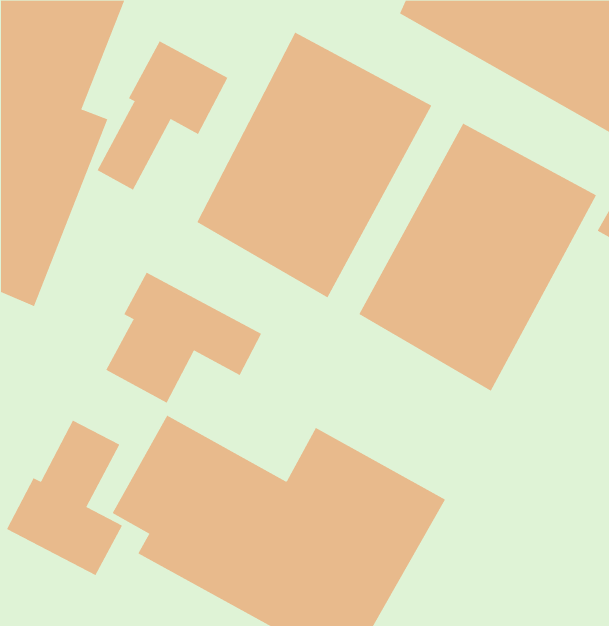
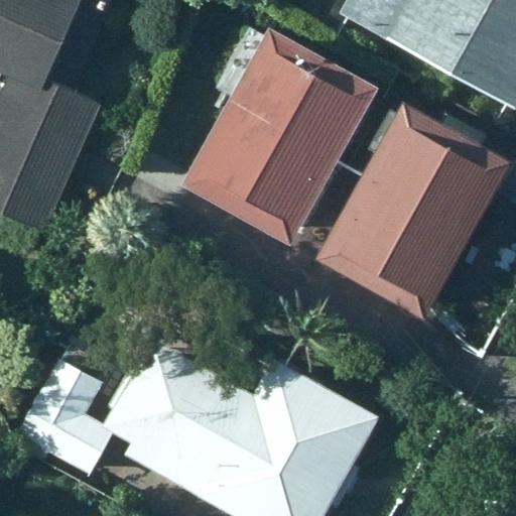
building: [97,40,228,191] -> none
building: [106,272,262,404] -> none

